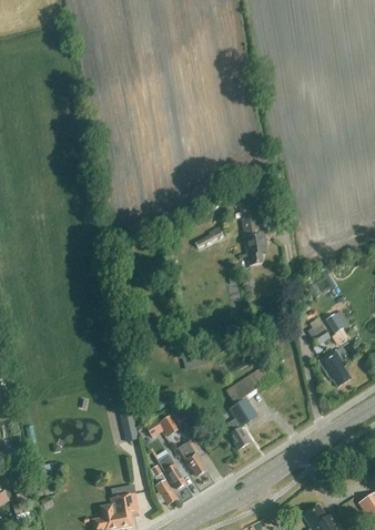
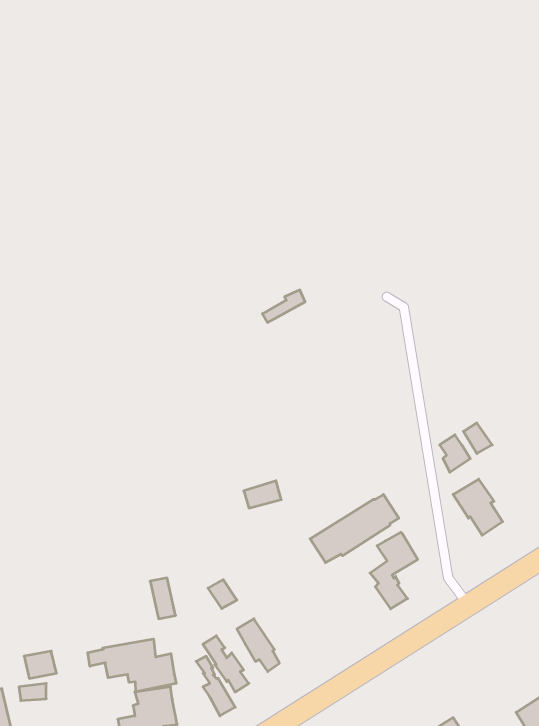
building: [239,202,266,265] -> none
building: [225,399,256,449] -> [370,532,418,609]
building: none -> [88,639,176,692]

